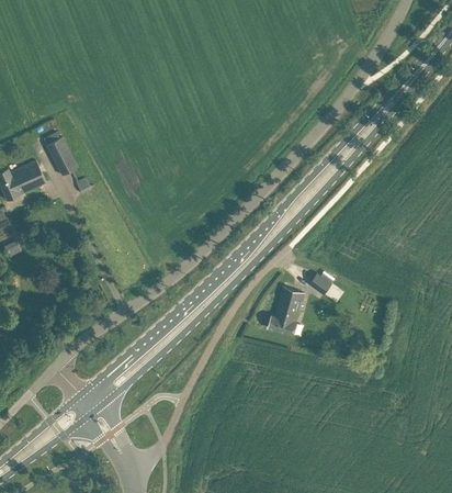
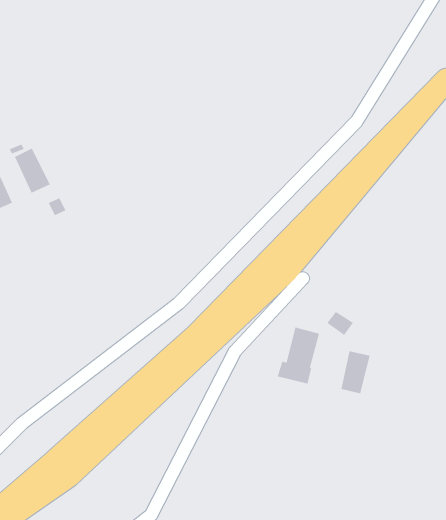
building: none -> [341,351,370,394]

